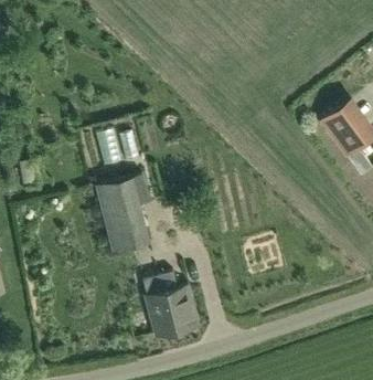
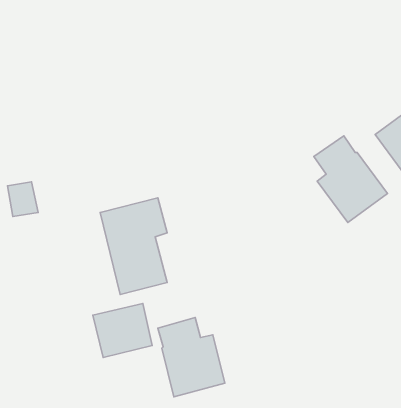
building: none -> [314,136,388,222]
building: none -> [93,304,152,358]

